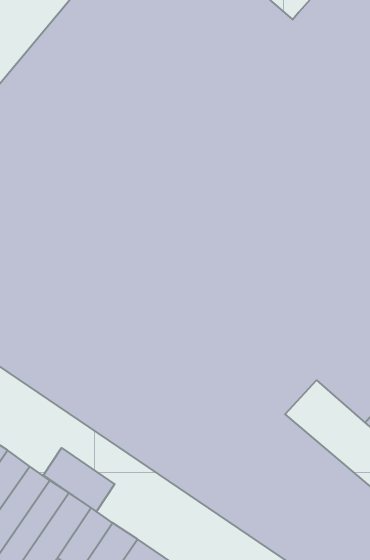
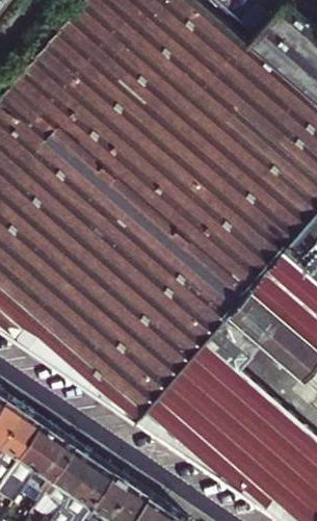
building: [43,448,115,512] -> none

